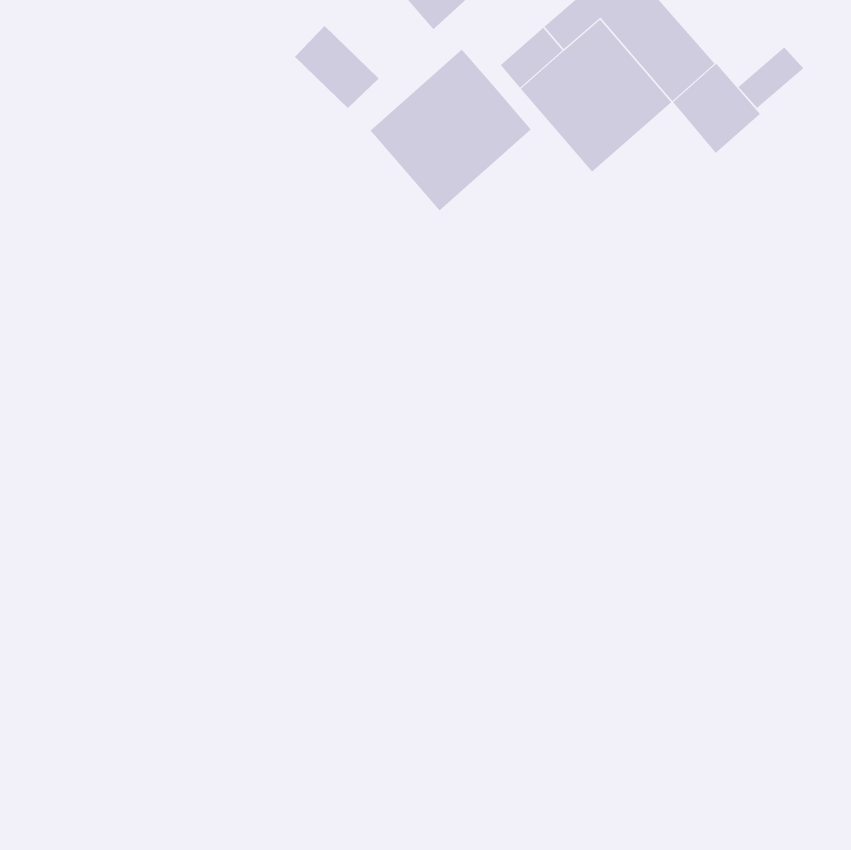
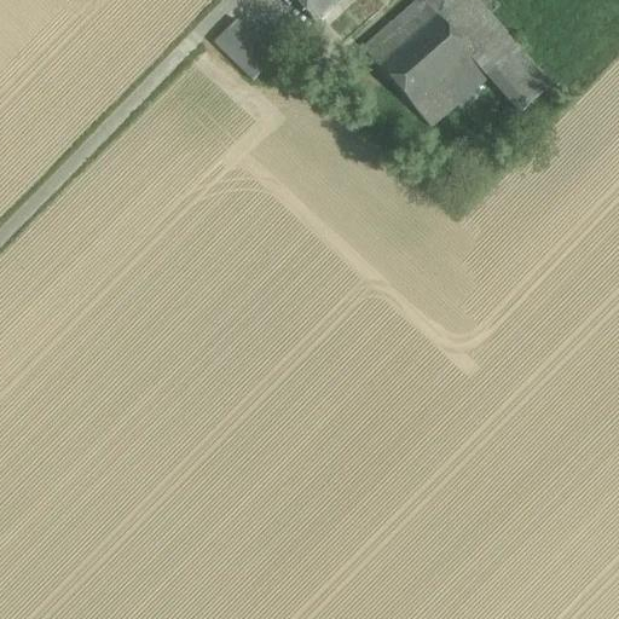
building: [738,46,804,109] -> none
building: [370,49,532,211] -> none

